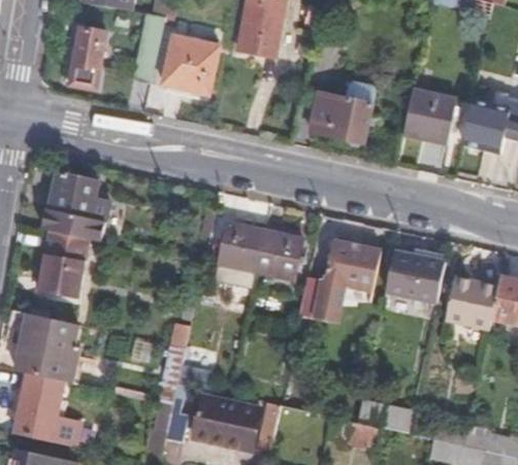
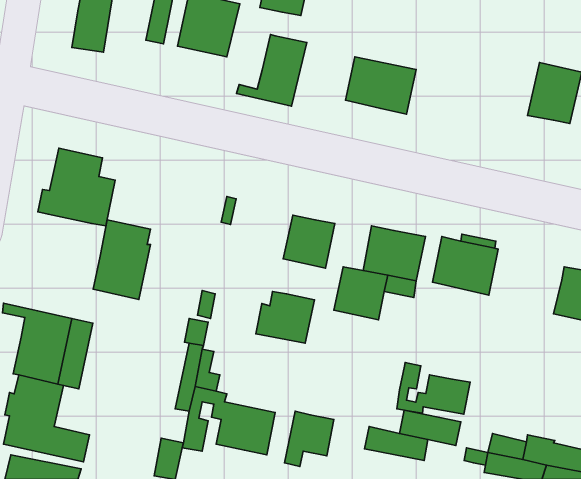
building: none -> [236,35,307,106]
building: [409,88,454,144] -> none
building: [212,224,263,269] -> [256,292,315,343]
building: [36,230,87,300] -> [93,220,151,300]
building: [444,277,499,334] -> none
building: none -> [397,362,470,414]

